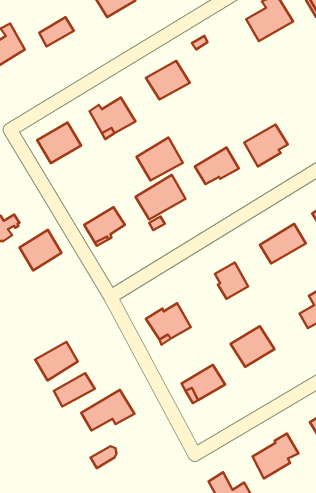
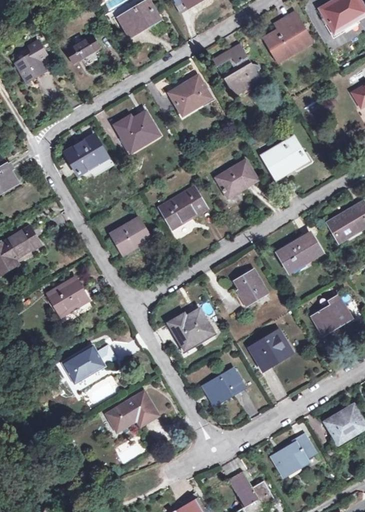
building: none -> [224,44,262,95]
building: [137,137,183,181] -> none
building: [20,230,61,270] -> [48,277,88,316]

